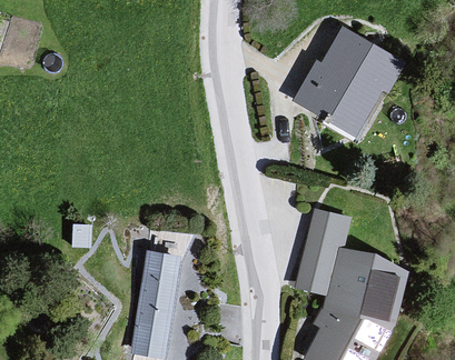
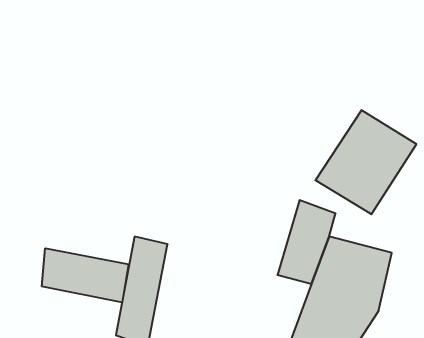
building: [297,32,399,138] -> [315,110,416,214]
building: none -> [42,248,128,302]

